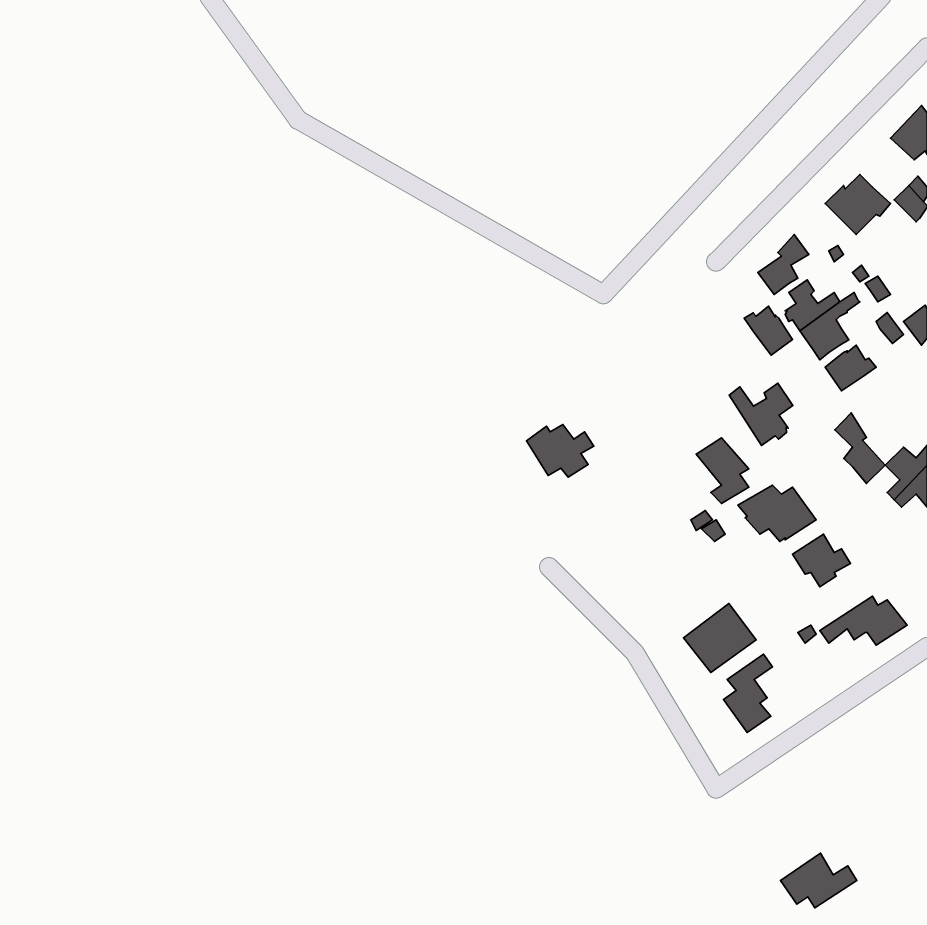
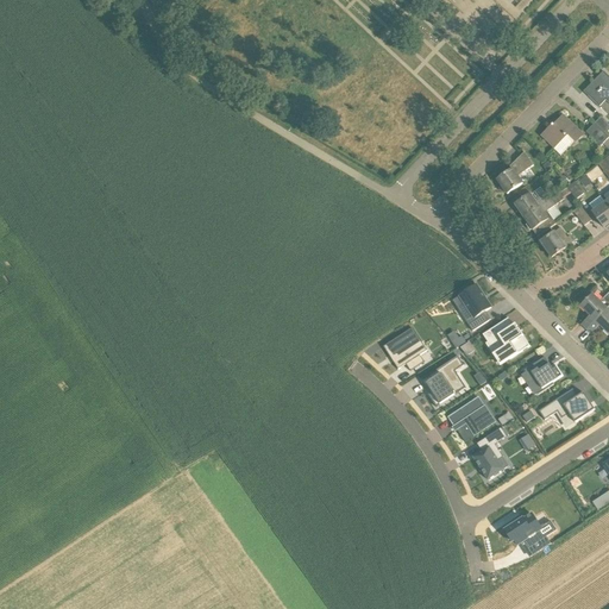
building: [744,306,792,355] -> none
building: [729,383,793,445] -> none
building: [835,413,885,484] -> none
building: [526,424,594,477] -> [389,331,433,365]
building: none -> [423,352,466,403]
building: [780,853,857,908] -> [503,513,553,548]

